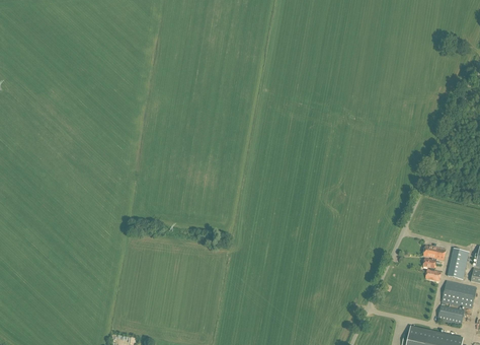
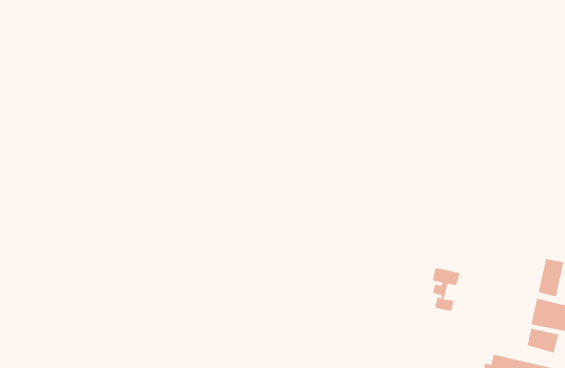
building: [424,244,448,279] -> [432,268,461,312]

